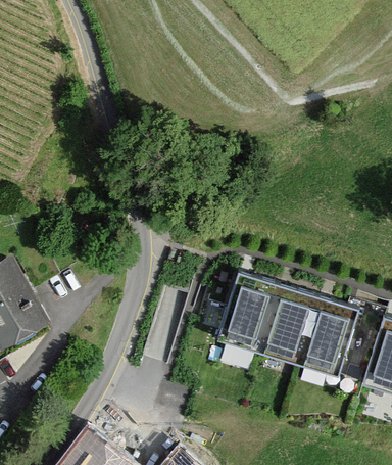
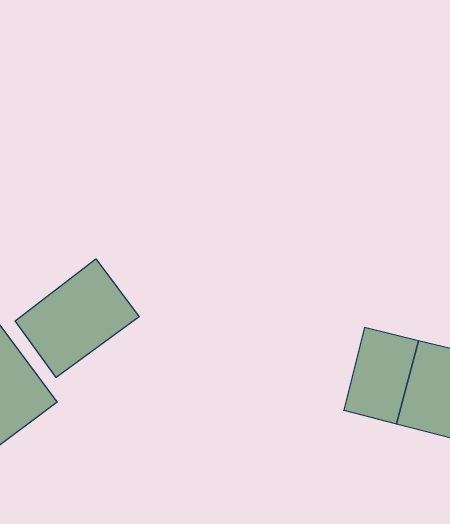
building: none -> [15,259,139,377]
building: [216,278,273,347] -> none

